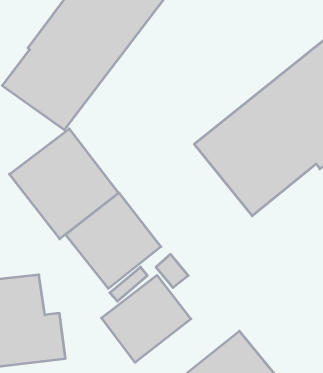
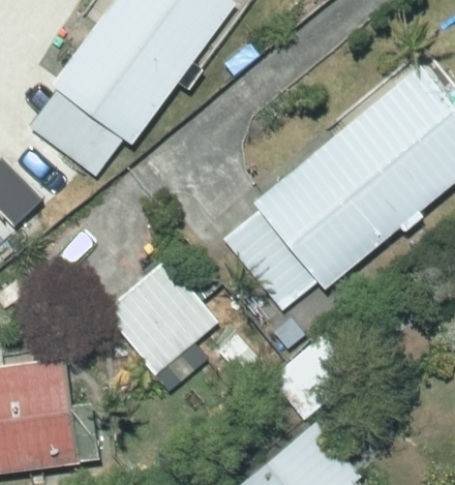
building: [9,129,119,239] -> none
building: [101,275,191,362] -> none

